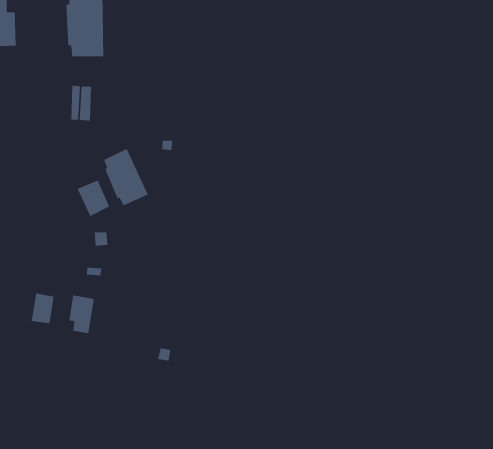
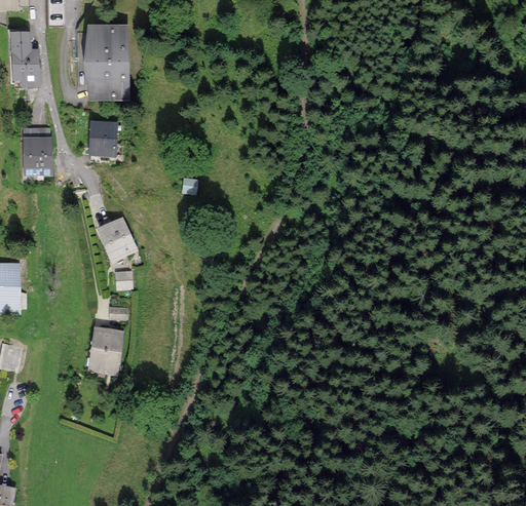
building: none -> [26,138,47,169]
building: [103,148,149,206] -> none
building: [31,292,55,324] -> none

